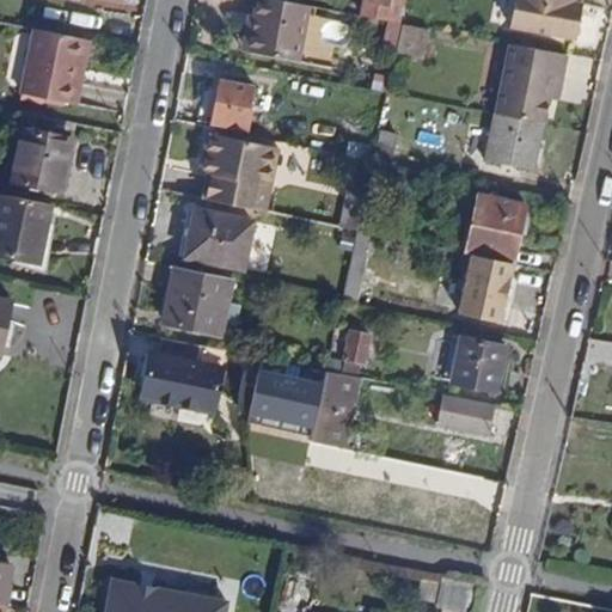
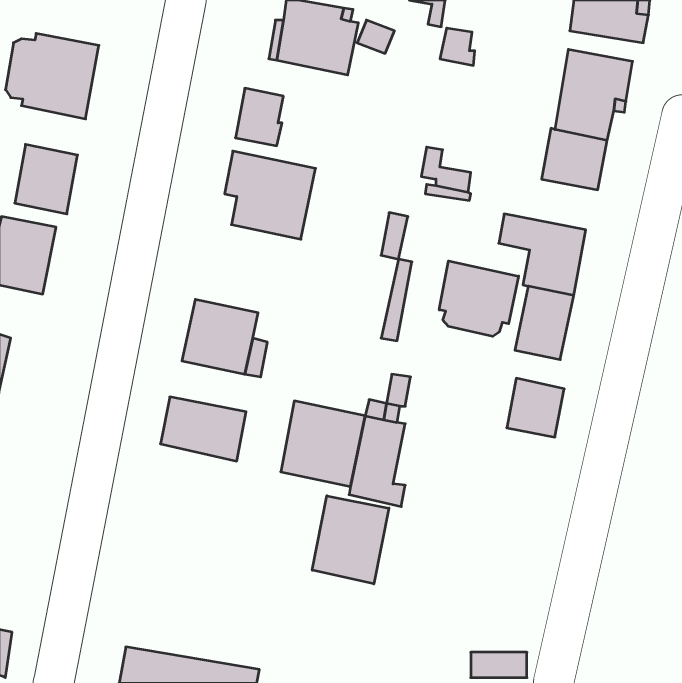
building: [186,212,252,269] -> none
building: none -> [439,261,519,336]
building: [434,396,492,435] -> none
building: none -> [312,496,389,584]

